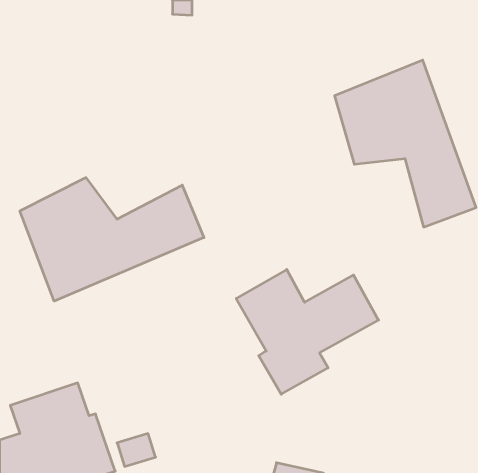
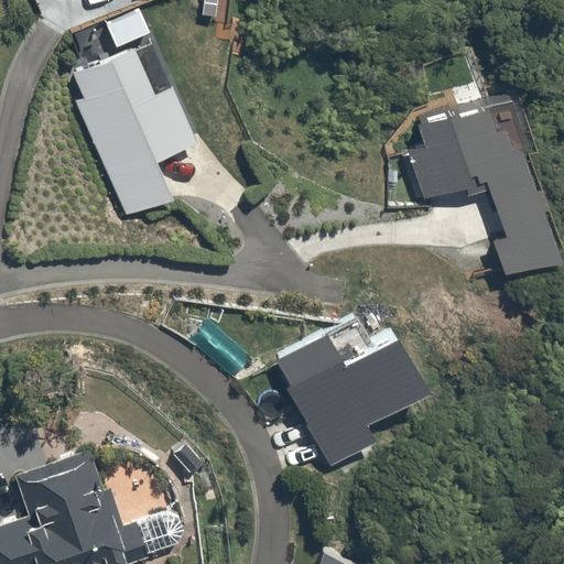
building: none -> [69,34,214,224]
building: [20,178,204,301] -> none

